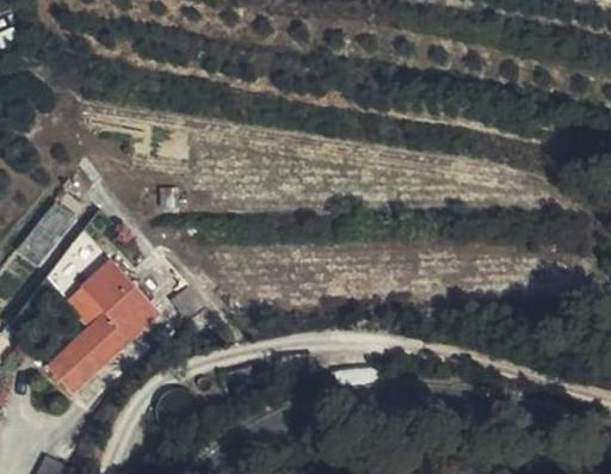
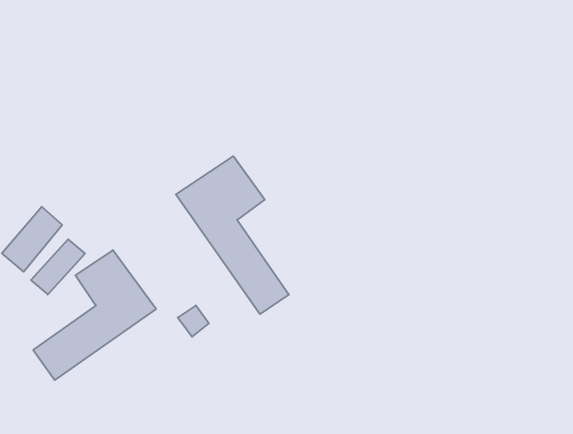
building: none -> [176,156,289,314]

